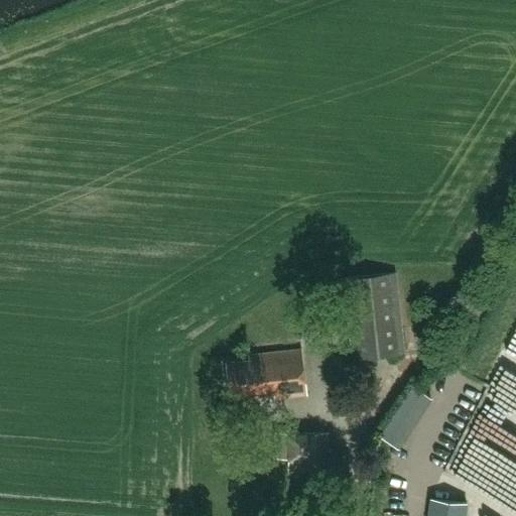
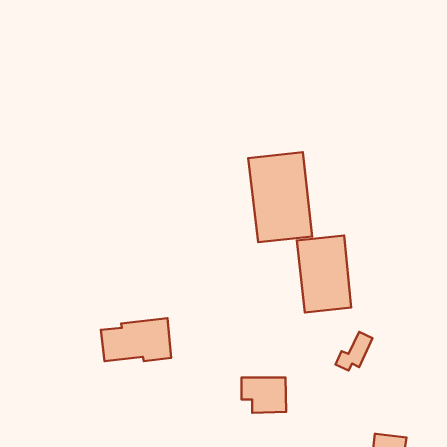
building: none -> [248,152,312,242]
building: [228,351,308,400] -> [101,318,171,361]

